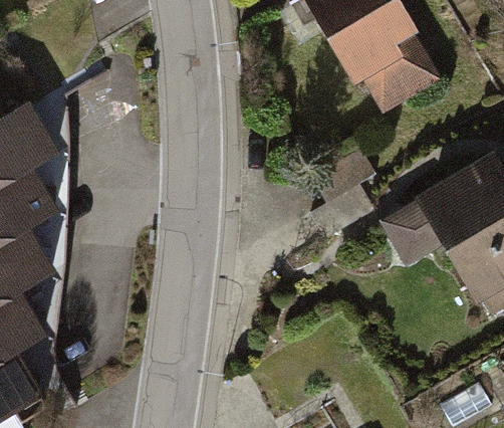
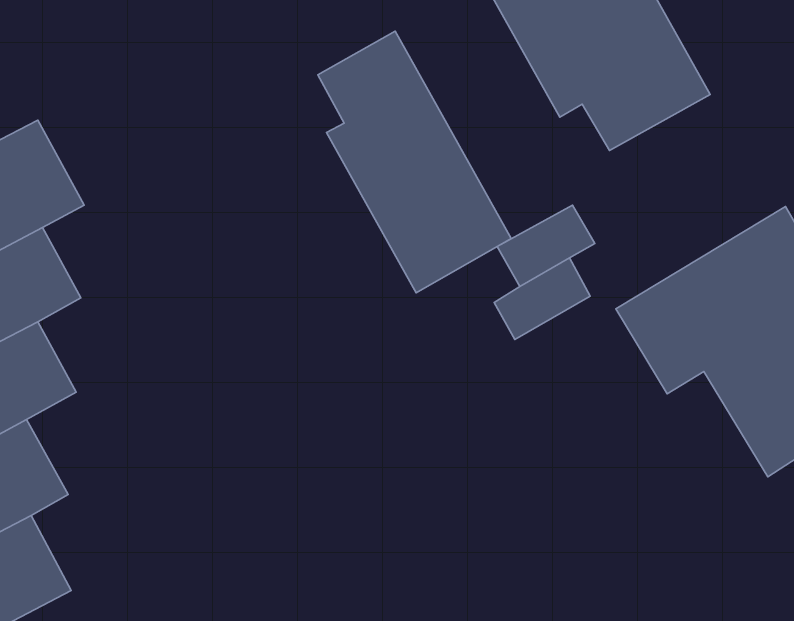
building: none -> [318,31,511,293]

